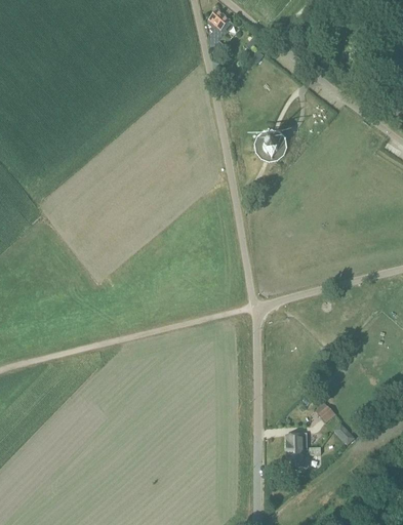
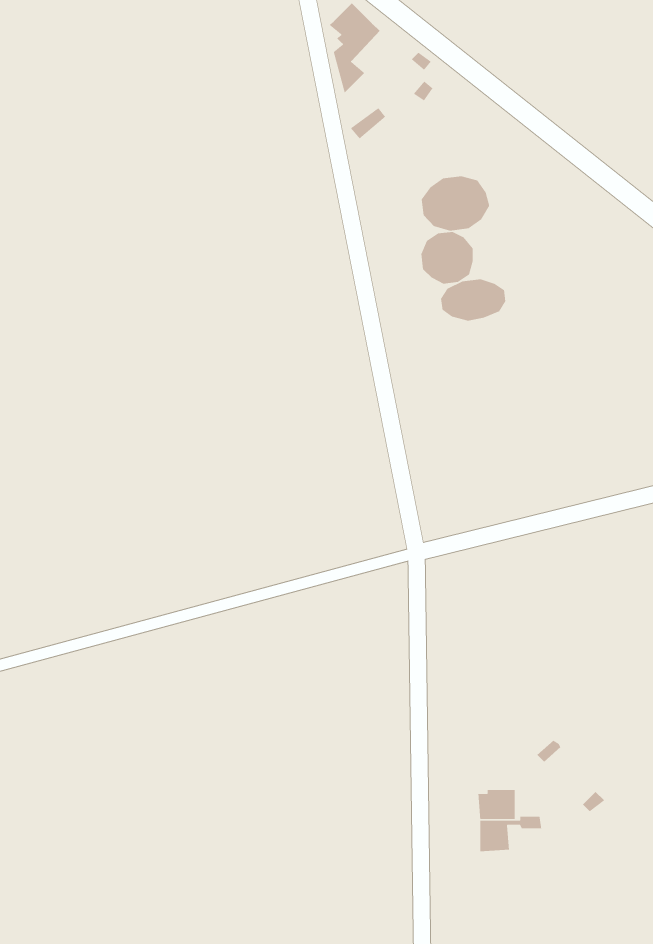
building: none -> [421,175,490,231]
building: none -> [440,278,506,321]

